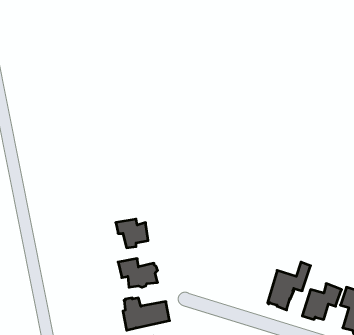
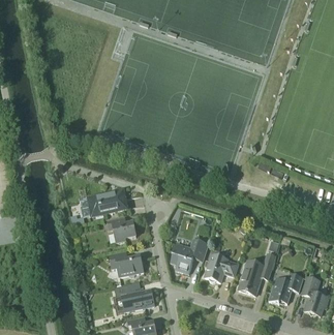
building: none -> [80,190,126,216]
building: none -> [172,237,210,274]
building: none -> [205,254,238,282]

